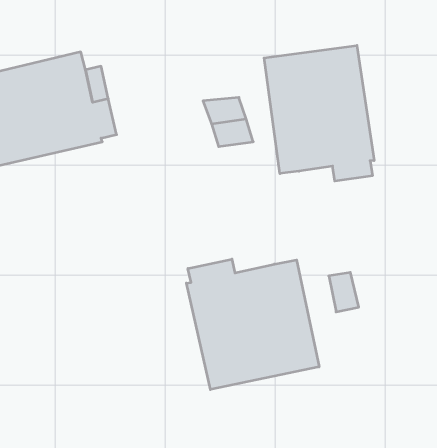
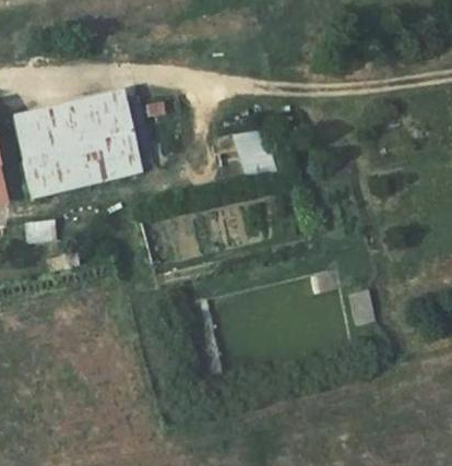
building: [264,45,374,181] -> none
building: [186,259,319,390] -> none

